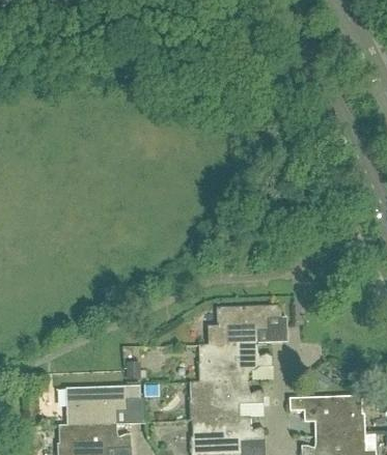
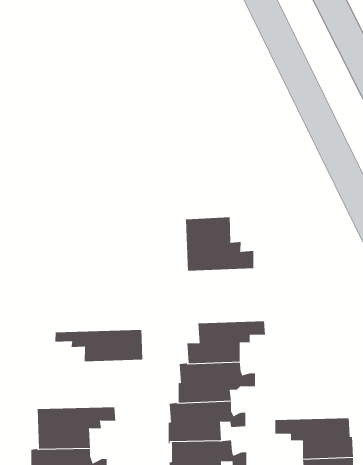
building: none -> [185,216,254,271]
building: none -> [55,329,143,362]

